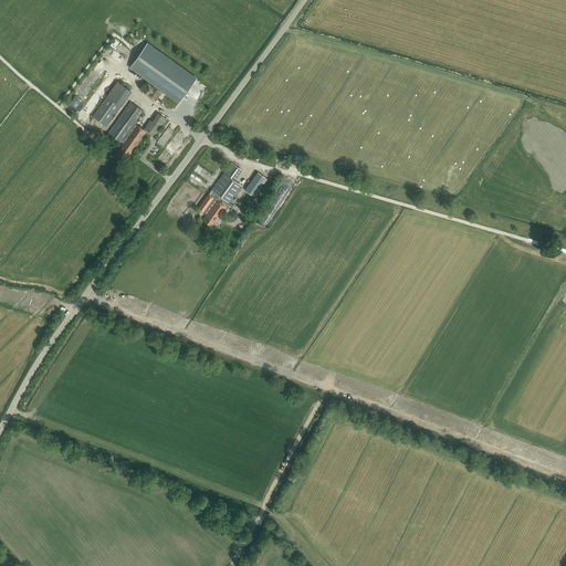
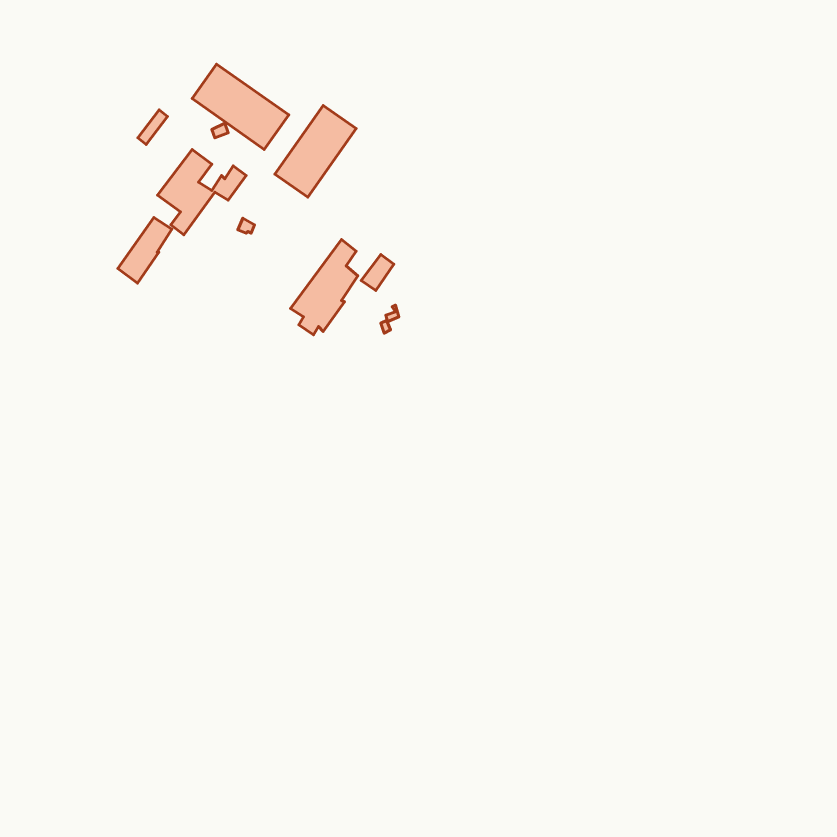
building: none -> [275,106,356,197]
building: [92,81,128,125] -> [118,218,172,283]

